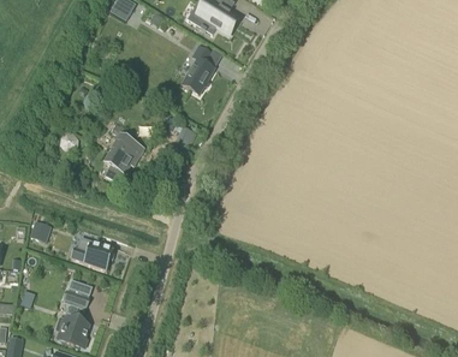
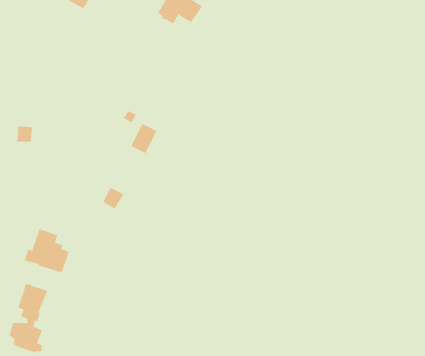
building: [182,44,214,95] -> none
building: [105,120,143,182] -> none

